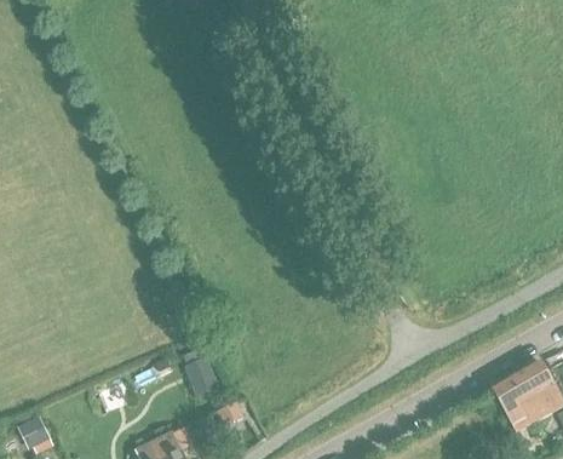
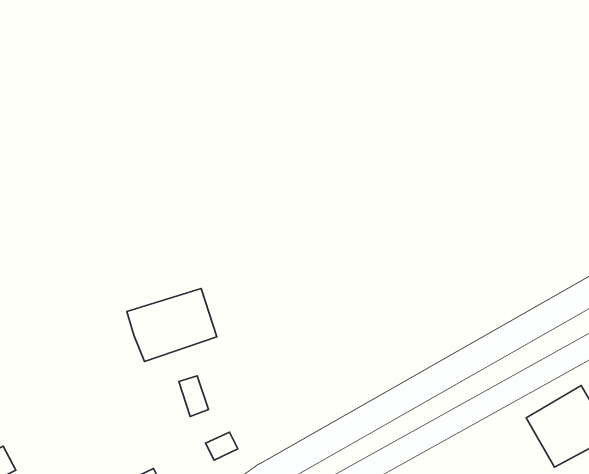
building: none -> [127,288,217,361]

